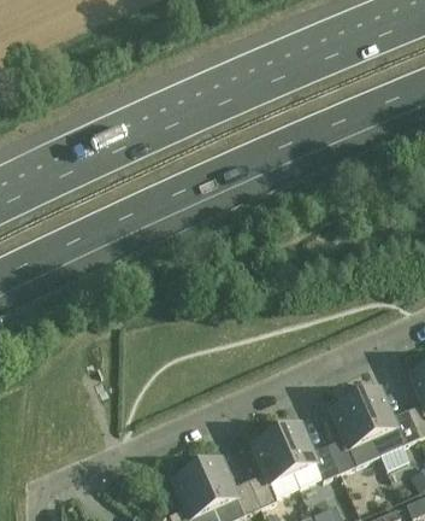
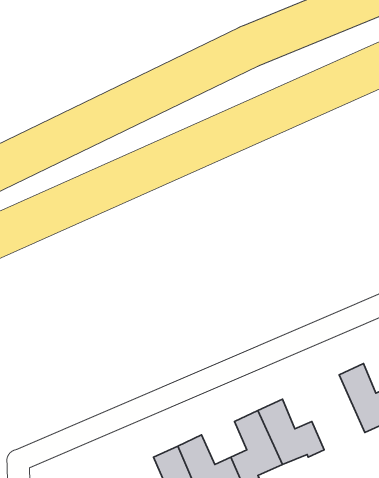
building: [325,399,377,473] -> none

